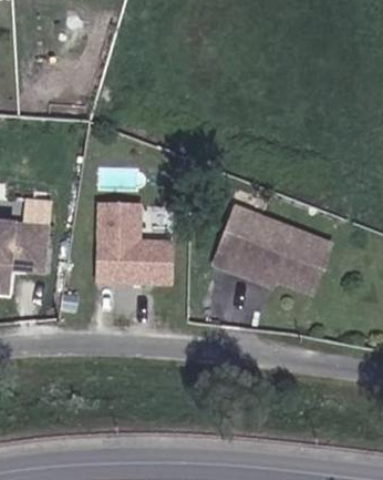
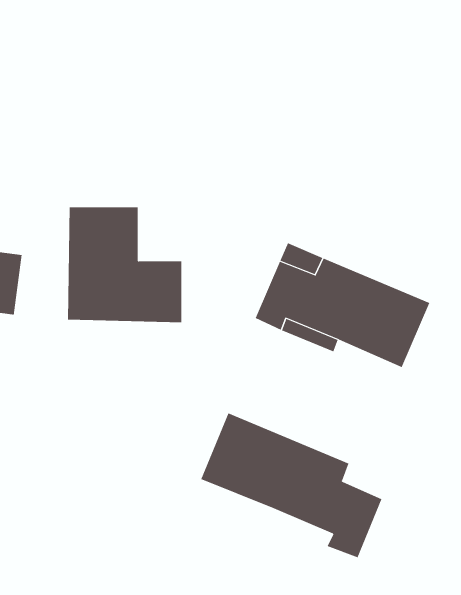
building: none -> [200,412,382,558]

